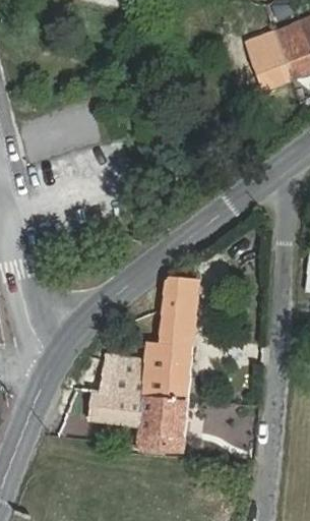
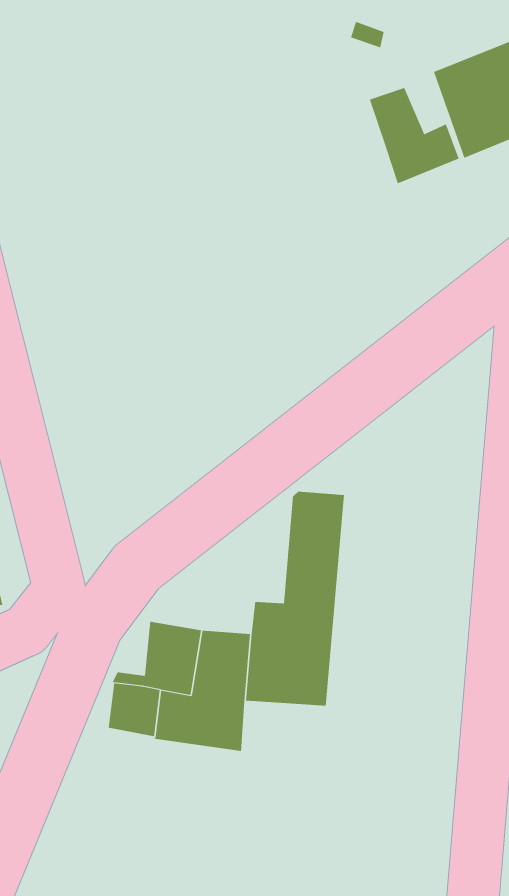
building: none -> [369,87,461,184]
building: [136,397,186,450] -> none

